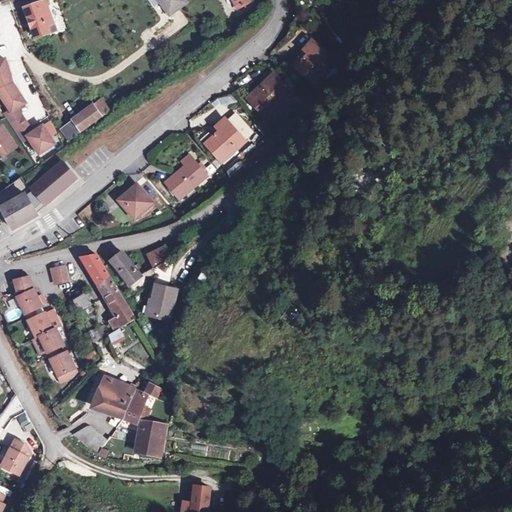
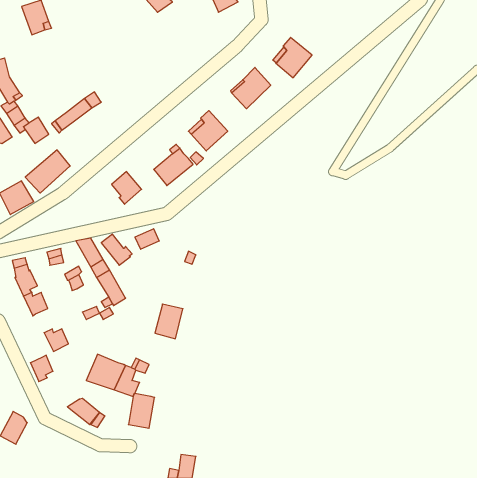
building: [146,283,176,320] -> [155,304,183,339]
building: [38,327,62,355] -> [30,355,53,382]

